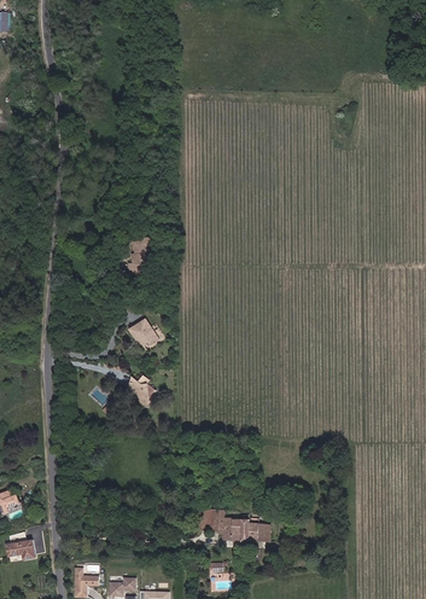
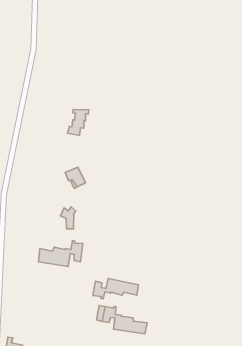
building: none -> [38,241,83,267]
building: none -> [93,278,139,299]

